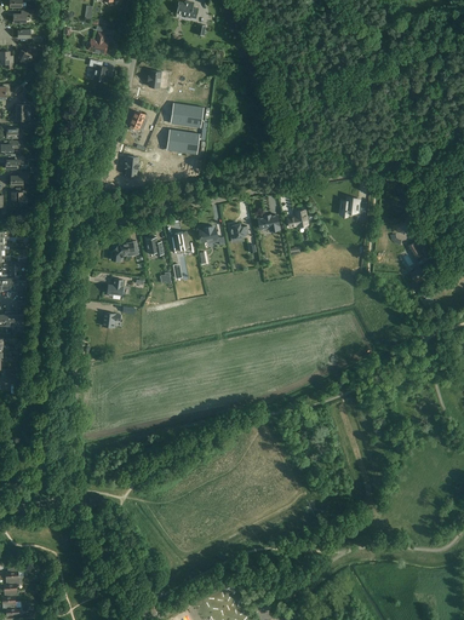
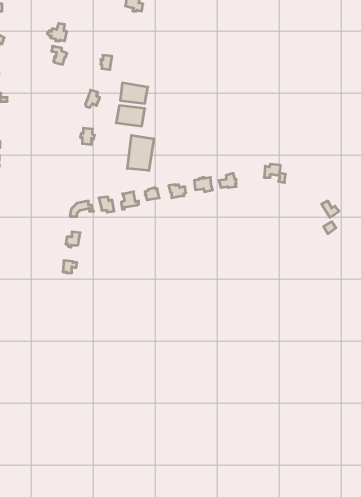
building: none -> [127,135,154,171]

